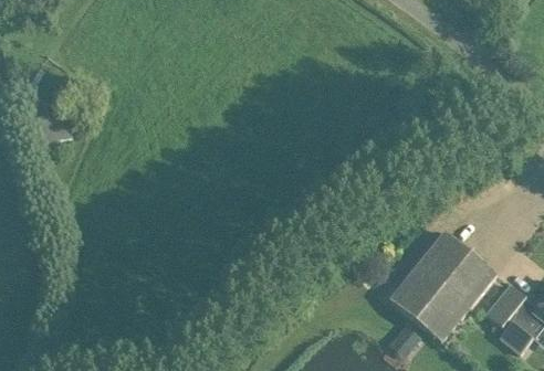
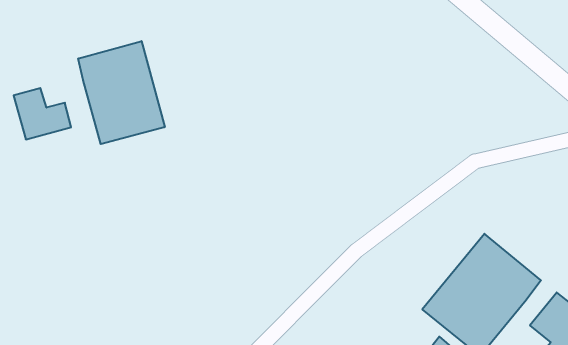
building: none -> [78,41,165,144]

